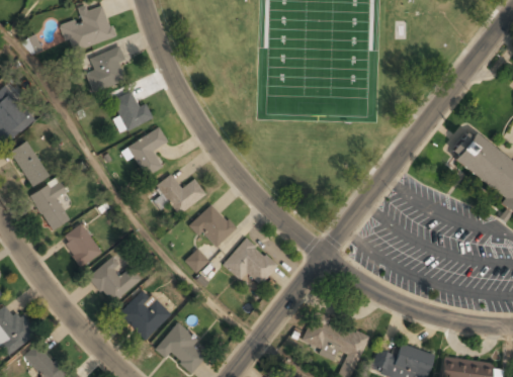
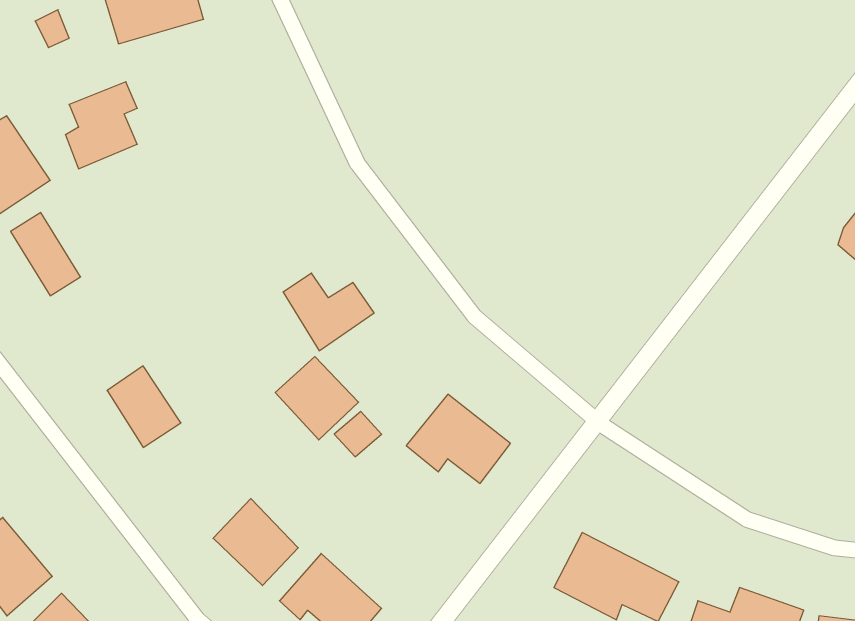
building: [87,46,125,93] -> [65,82,137,169]
building: [111,93,153,129] -> none
building: [129,128,167,176] -> none
building: [32,181,70,230] -> none
building: [191,204,236,249] -> [275,357,359,440]
building: [88,260,133,304] -> none

